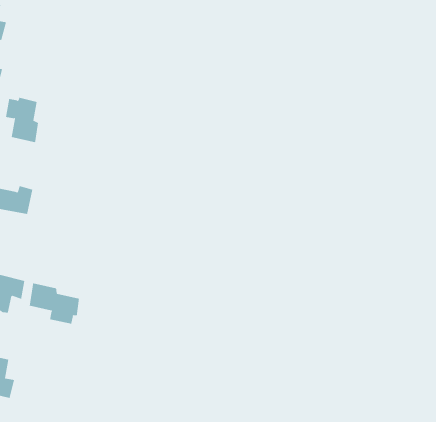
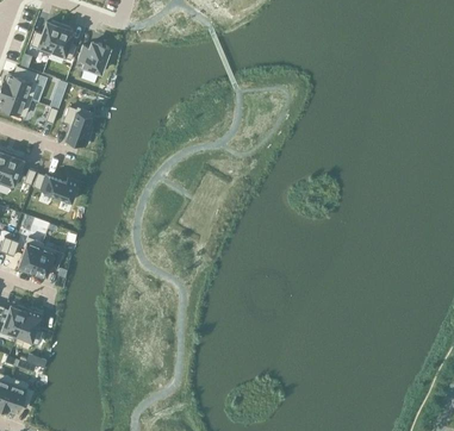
building: none -> [77,43,110,75]
building: [29,282,79,325] -> none

